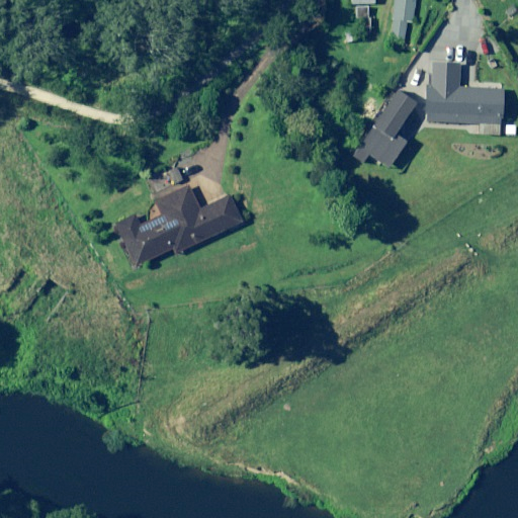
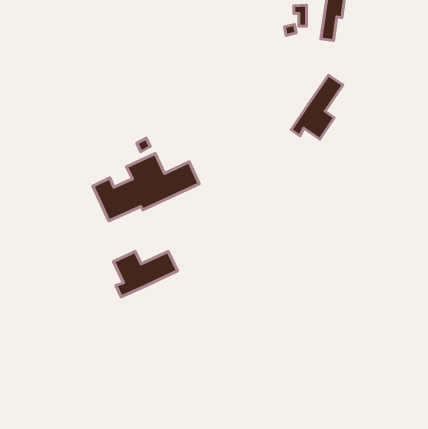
building: [425,62,502,135] -> none
building: none -> [113,251,177,297]

